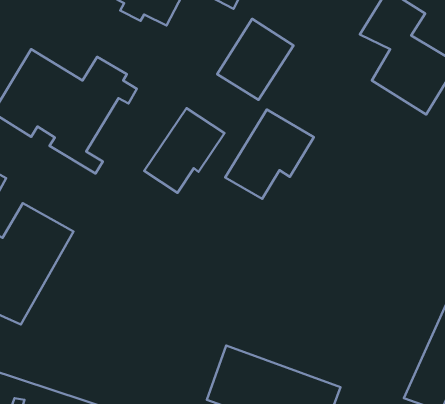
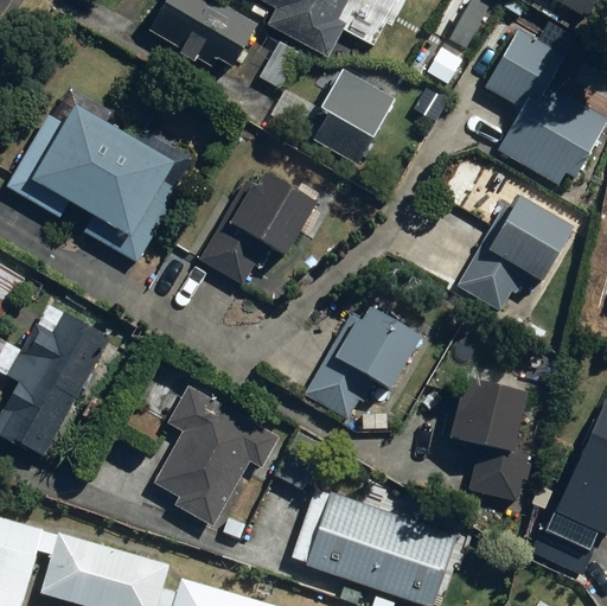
building: [225,110,314,199] -> [304,304,417,419]
building: none -> [460,197,574,311]
building: none -> [443,382,533,498]
building: none -> [159,384,282,540]

